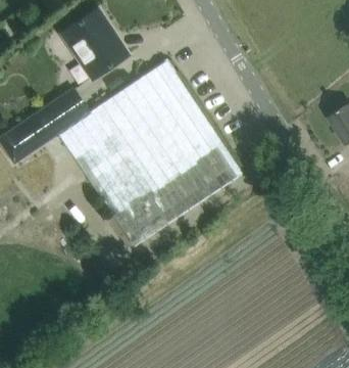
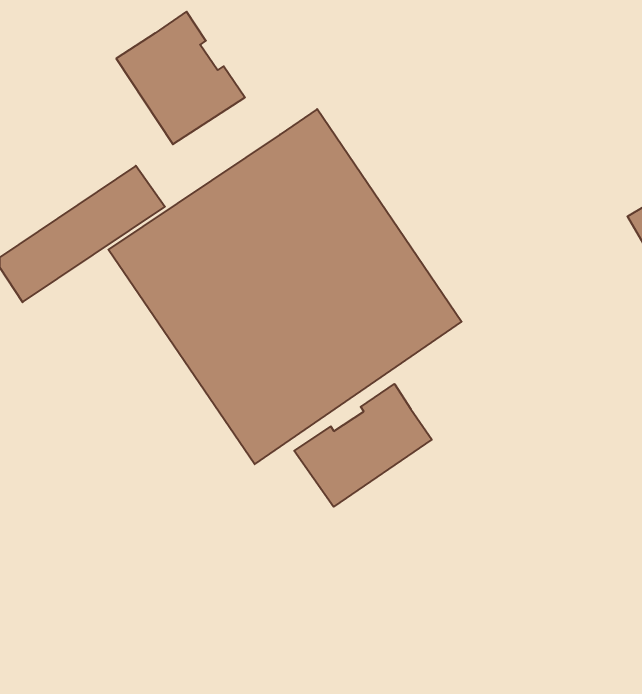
building: none -> [294,384,432,507]

